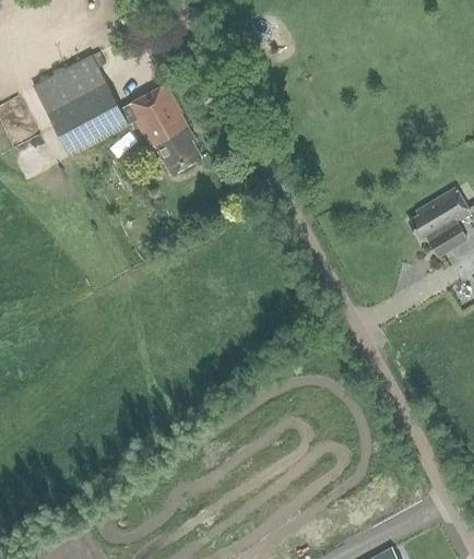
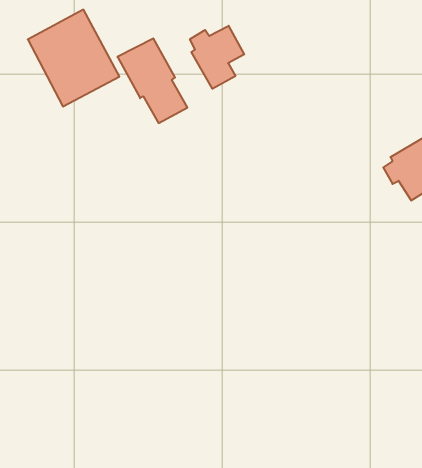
building: none -> [190,26,244,89]

